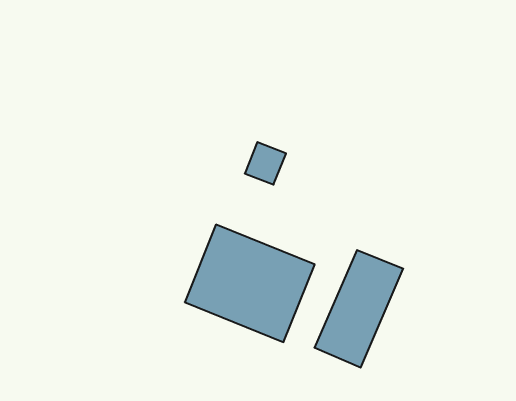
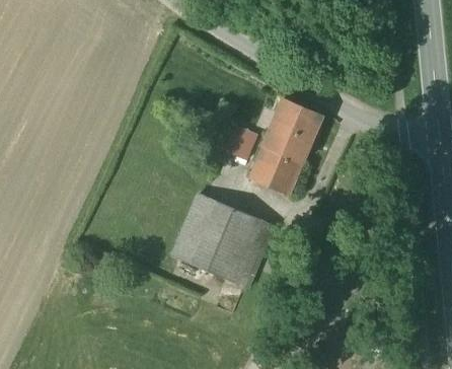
building: [314,250,403,368] -> [249,101,321,197]

